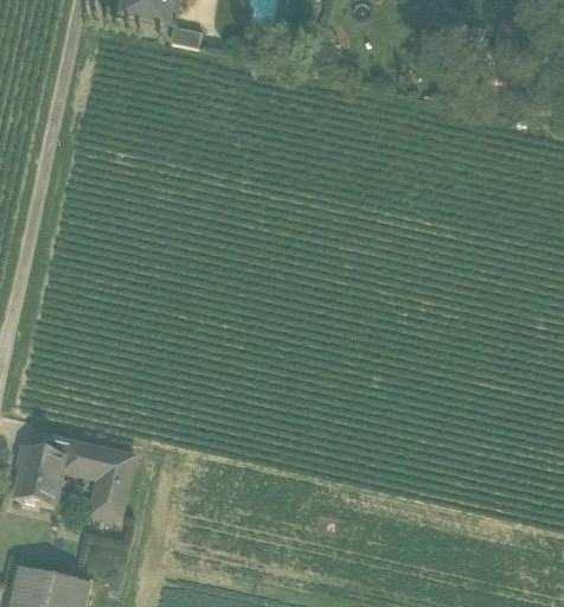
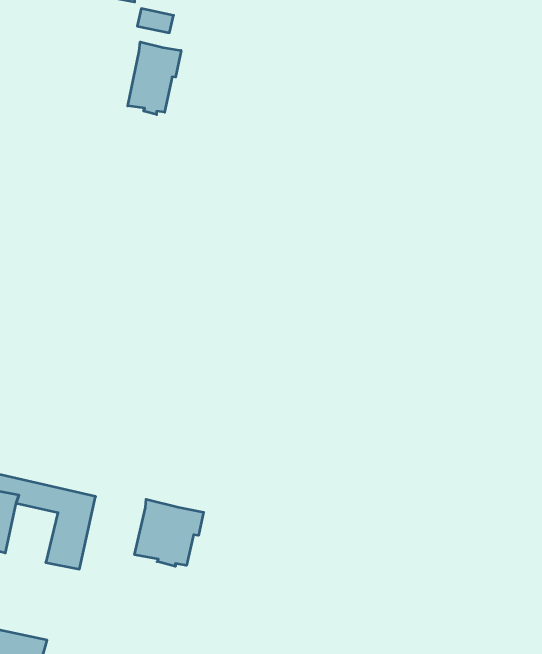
building: none -> [128,42,181,115]
building: none -> [135,499,204,566]

